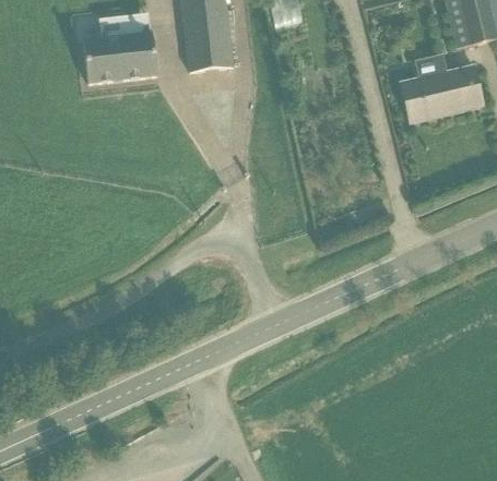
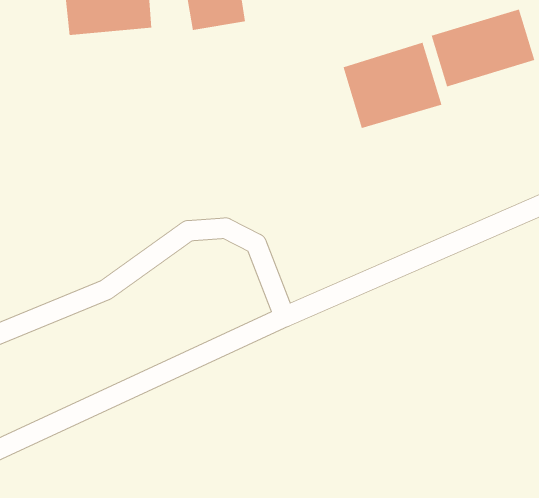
building: none -> [343,42,442,129]

